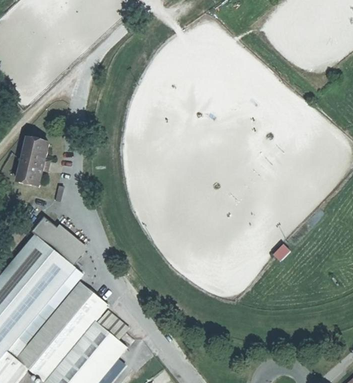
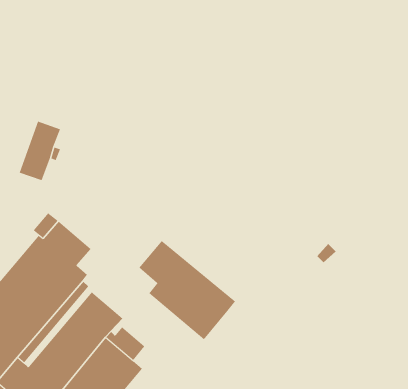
building: none -> [139,240,236,340]

